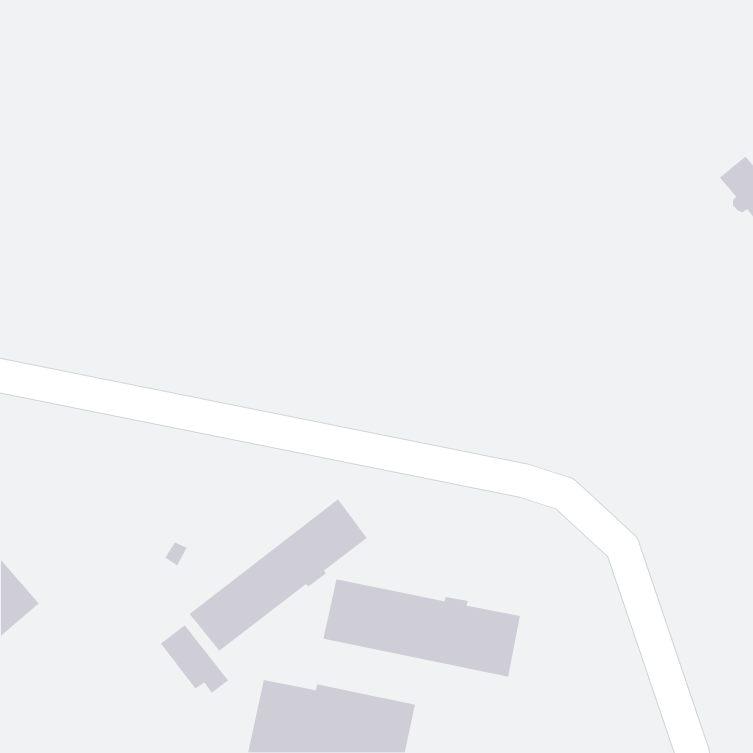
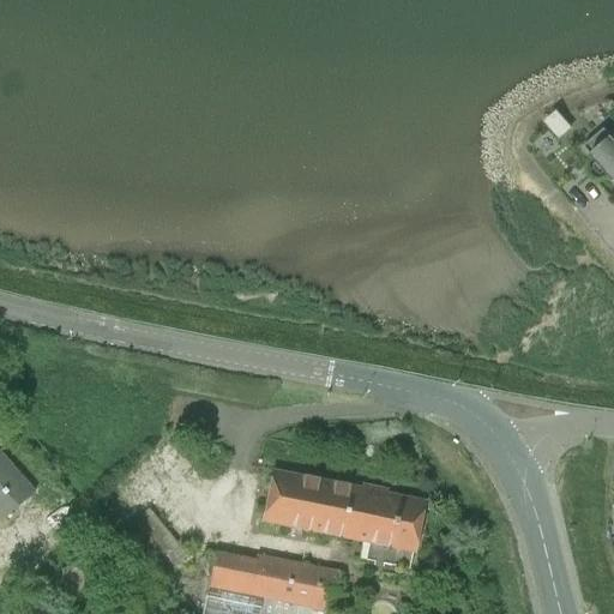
building: [189,498,368,652] -> none

